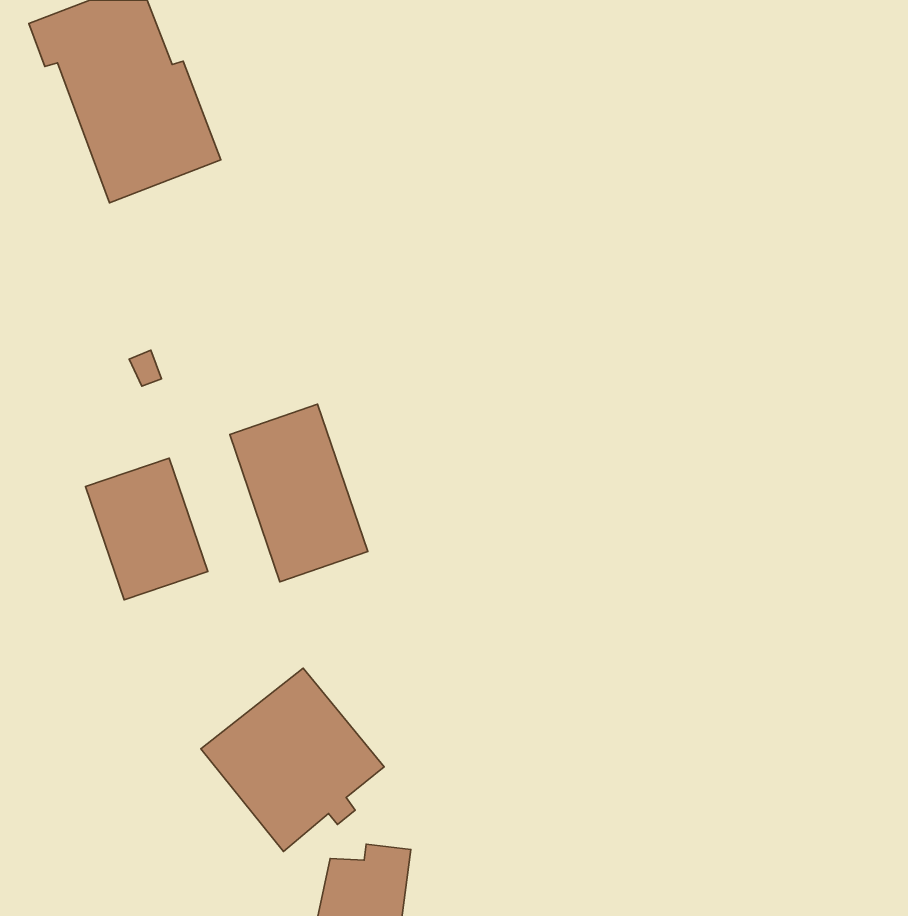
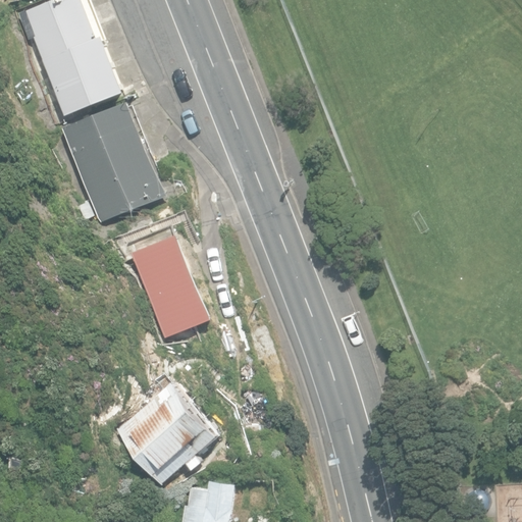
building: none -> [62,103,166,222]
building: [85,458,208,600] -> none

